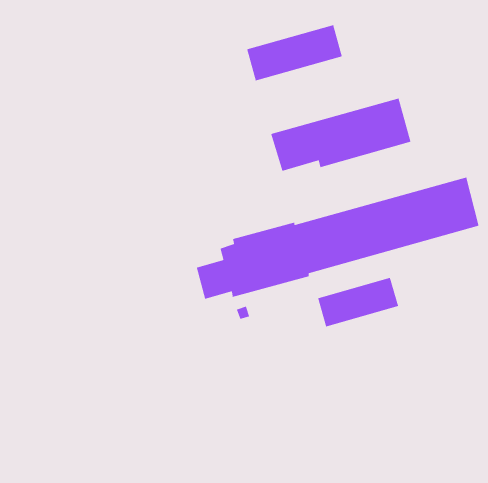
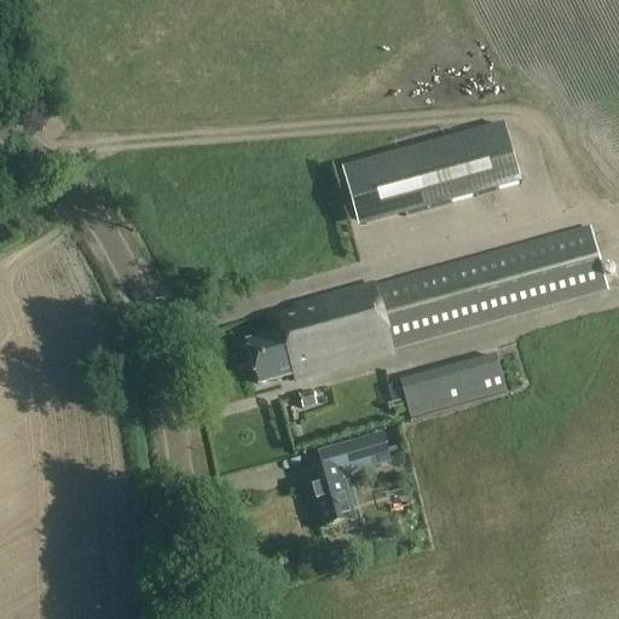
building: [246,24,343,81] -> none
building: none -> [306,430,392,527]

